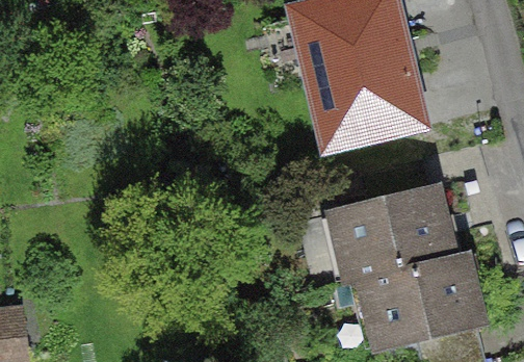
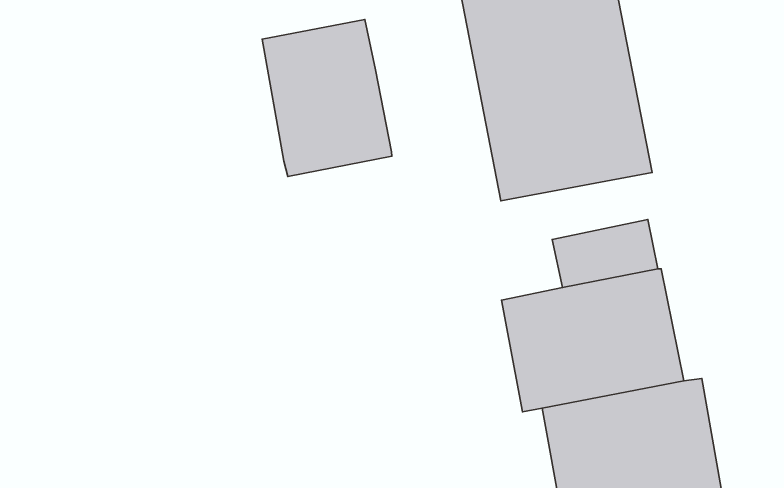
building: none -> [262,19,392,176]

